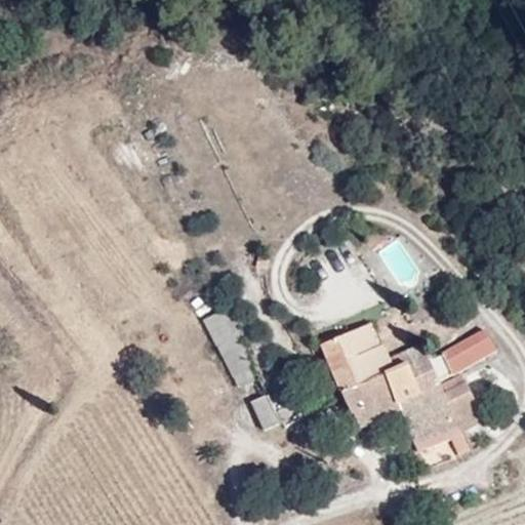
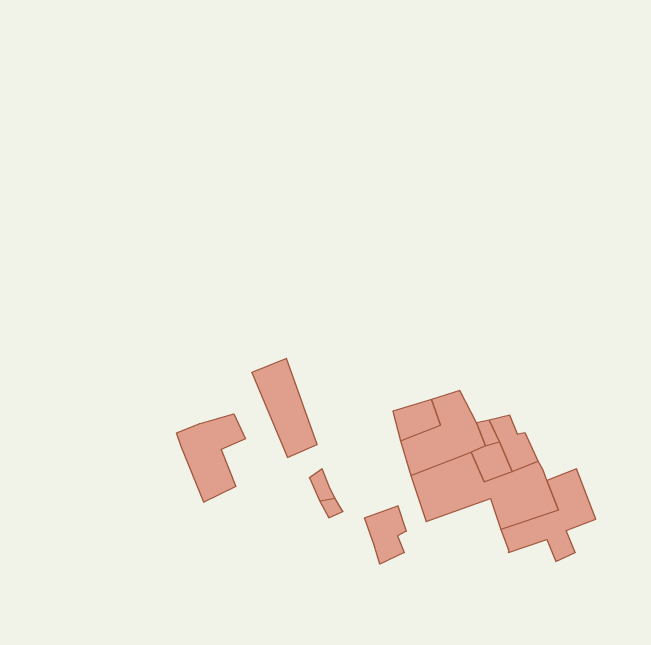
building: [444,338,493,377] -> none
building: none -> [177,414,246,502]
building: none -> [365,506,406,564]

